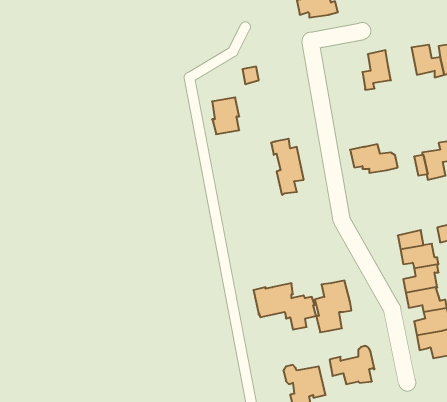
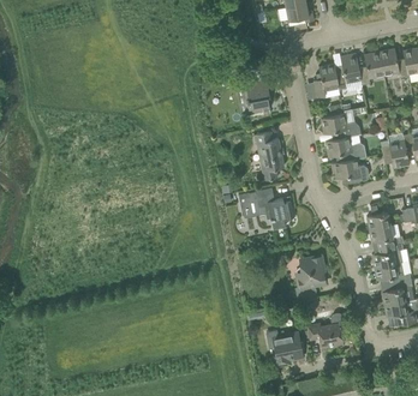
building: none -> [359,50,384,84]
building: none -> [314,64,339,97]
building: [212,97,239,134] -> [246,79,270,112]
building: none -> [322,113,362,138]
building: none -> [332,158,370,182]
building: [253,283,316,330] -> [239,187,294,228]

